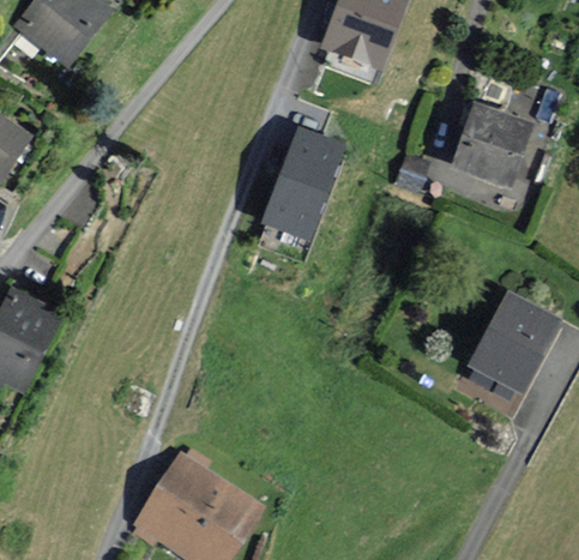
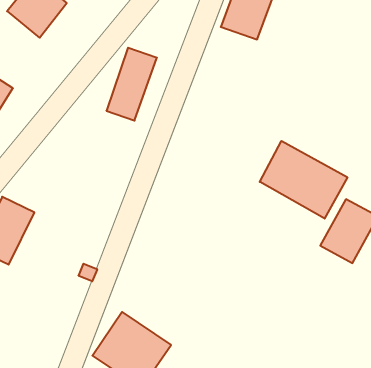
building: [457,107,527,182] -> none
building: [266,132,339,237] -> [106,48,157,121]
building: none -> [260,141,347,219]

